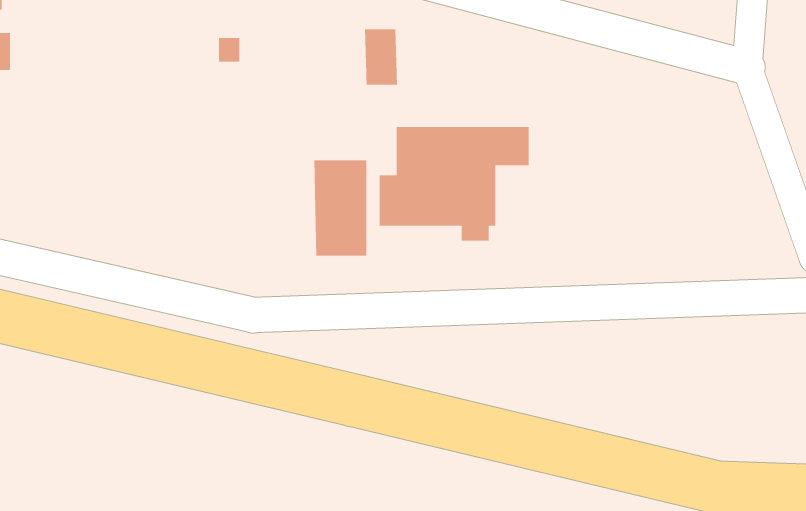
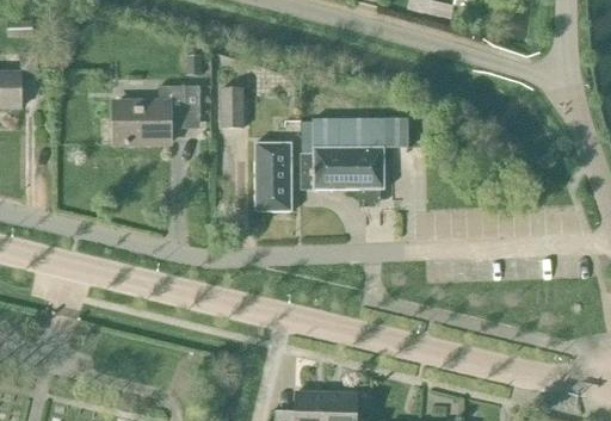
building: [364,29,398,85] -> [221,88,245,129]
building: none -> [113,85,200,143]

